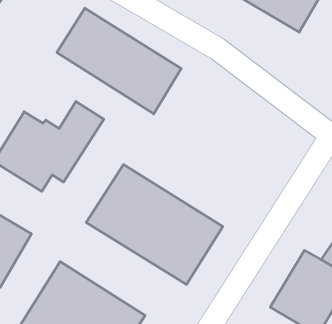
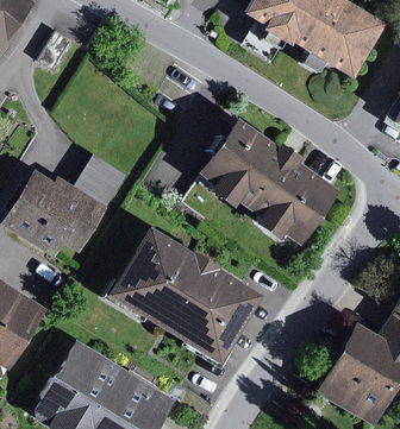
building: [57,8,181,114] -> none
building: none -> [198,121,340,251]

